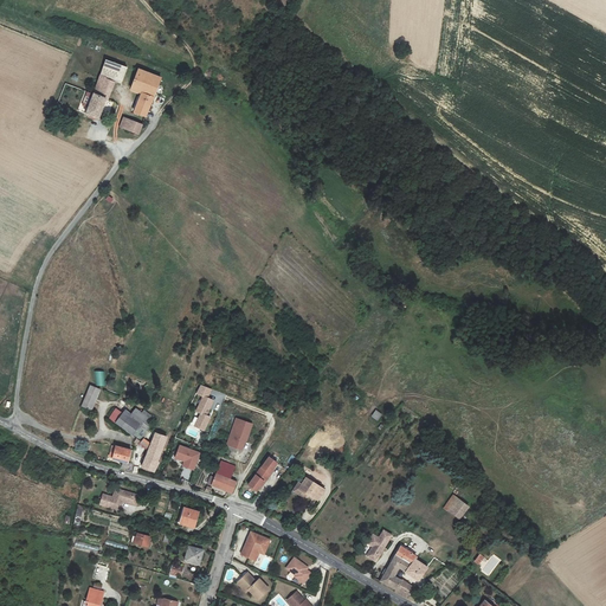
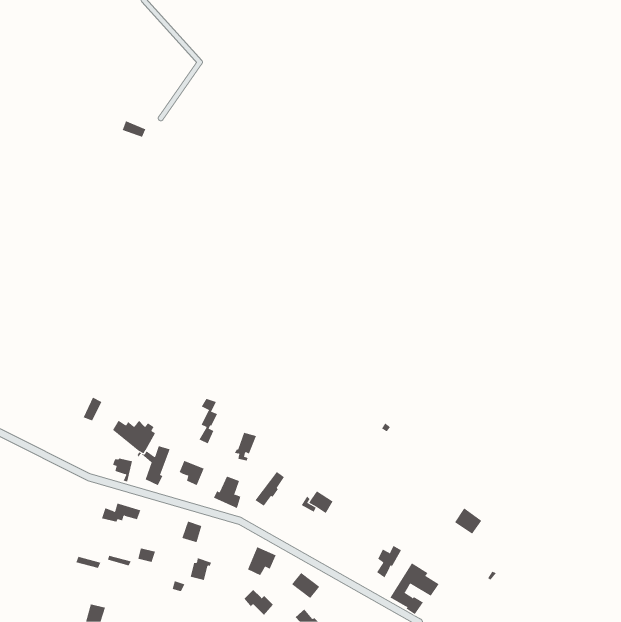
building: [85,60,125,120] -> none
building: [130,69,160,117] -> none

